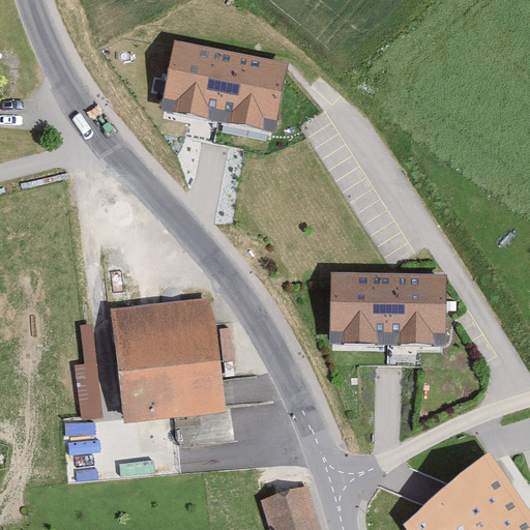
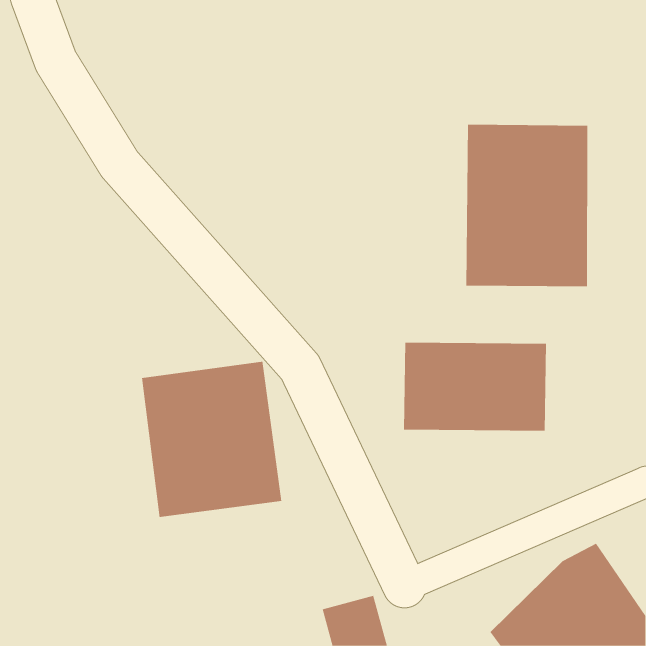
building: [158,50,284,134] -> none
building: none -> [466,124,588,287]

